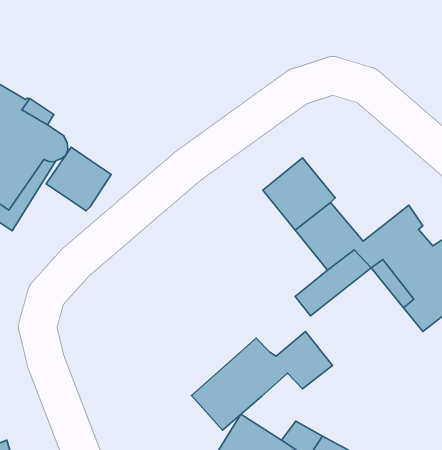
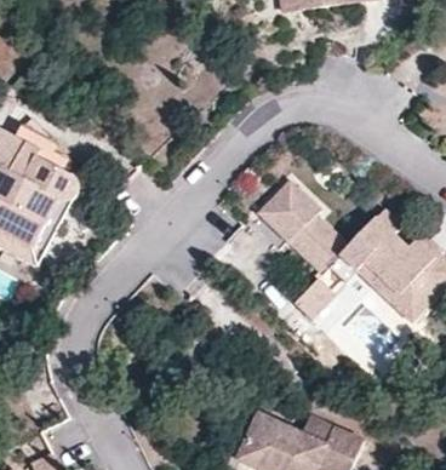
building: [46,147,111,211] -> none
building: [191,332,332,430] -> none

